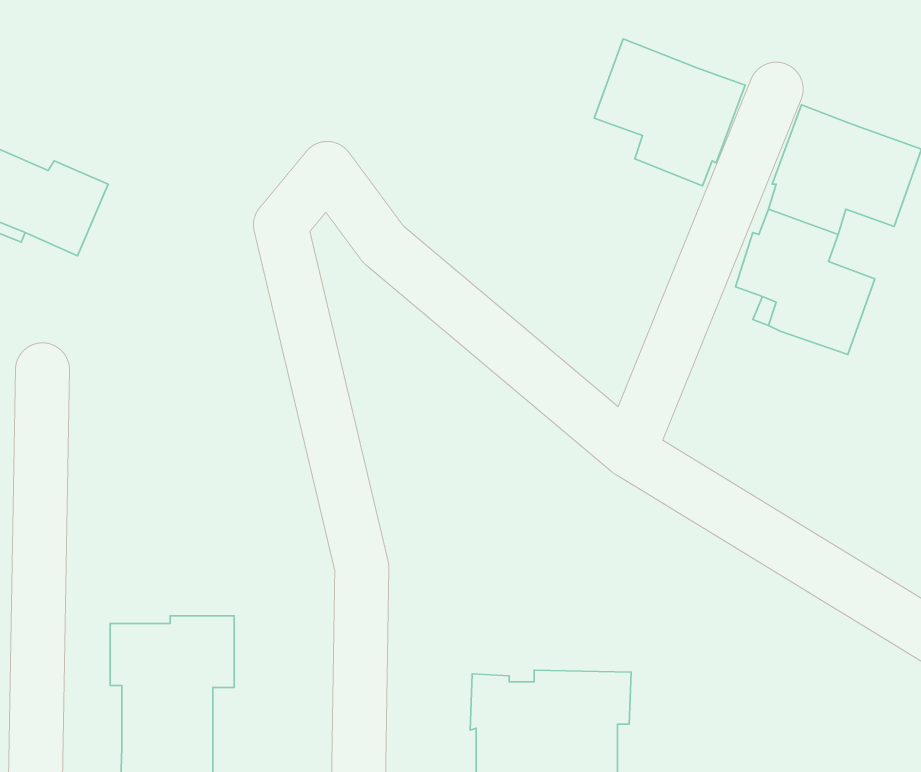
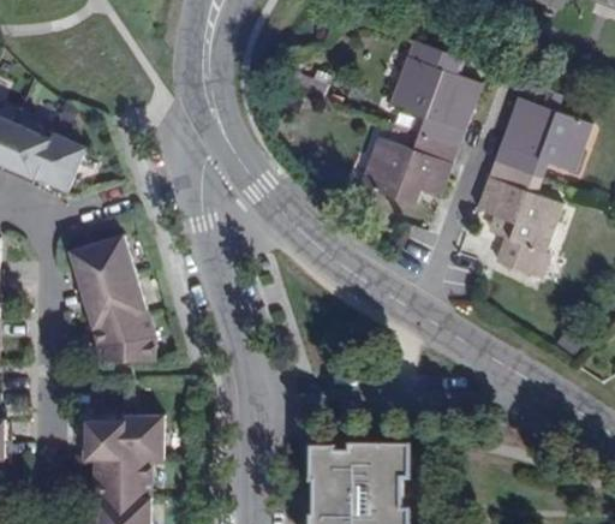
building: none -> [358,130,454,202]
building: none -> [68,232,154,358]
building: none -> [492,237,547,278]

